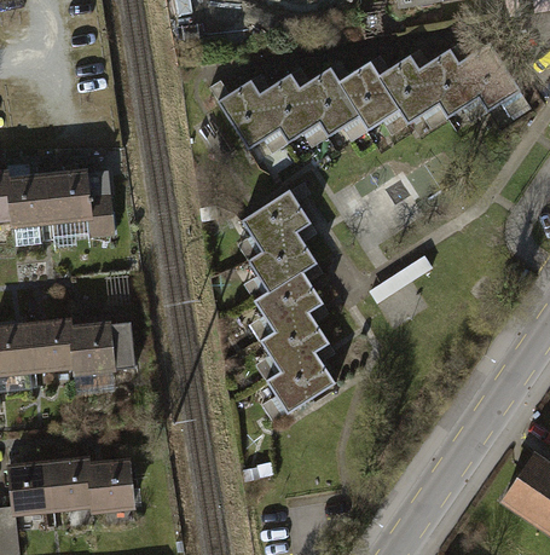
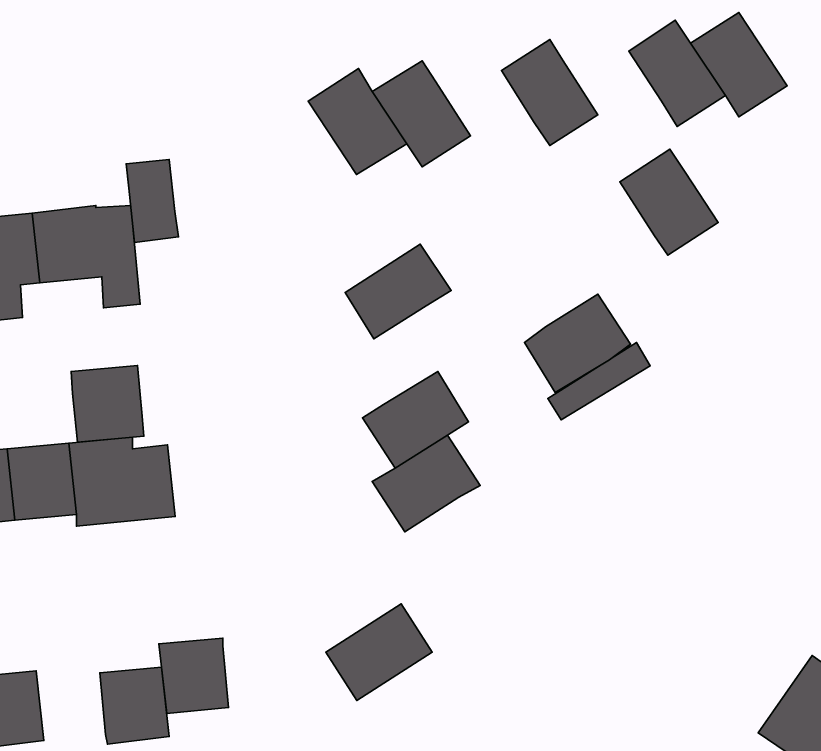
building: [378,58,440,125] -> [620,149,718,255]
building: [299,71,360,139] -> none
building: none -> [126,159,178,242]
building: [247,232,313,294] -> [524,294,631,393]
building: none -> [71,365,144,442]
building: [266,352,332,412] -> [326,604,432,700]
building: [48,457,92,504] -> [159,638,229,713]

